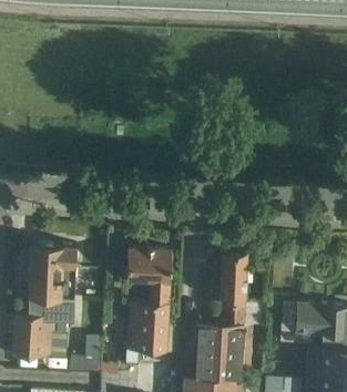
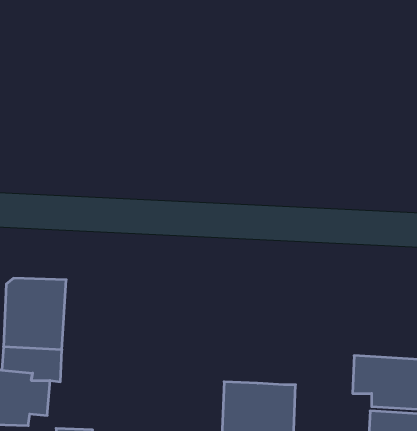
building: [126,249,177,354] -> none
building: [220,255,246,327] -> none

